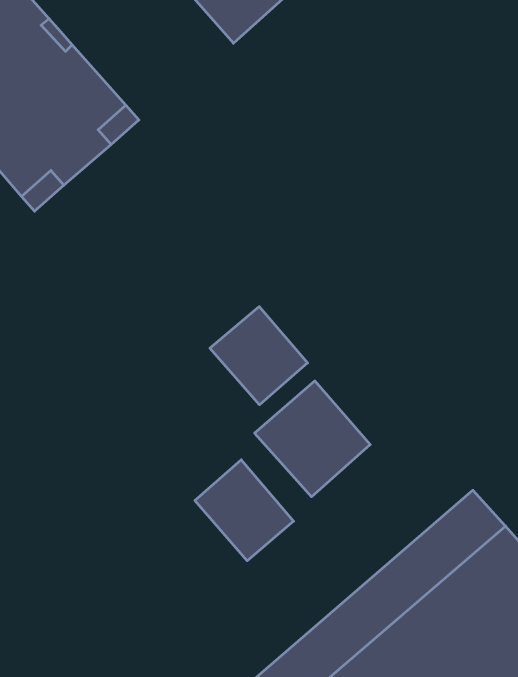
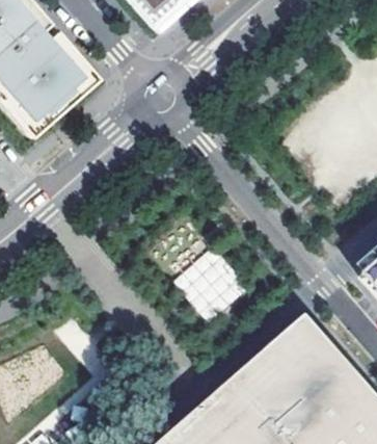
building: [210,307,308,405] -> none
building: [195,460,294,561] -> none

